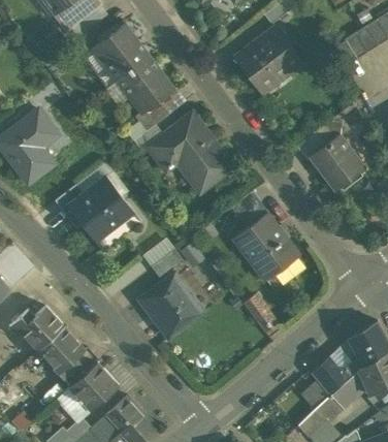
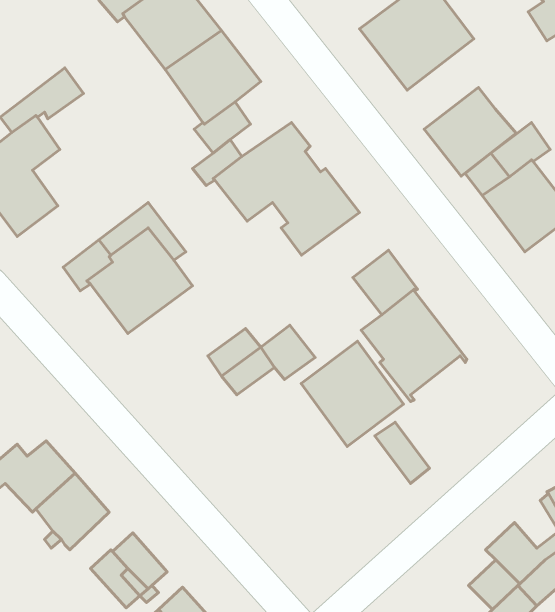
building: none -> [424,88,516,176]
building: [141,274,203,338] -> [301,341,403,447]

